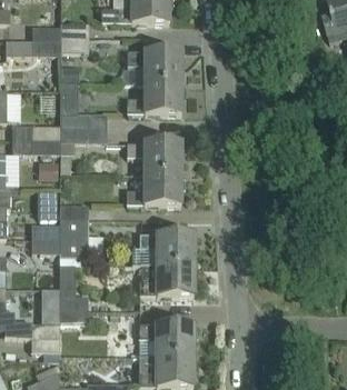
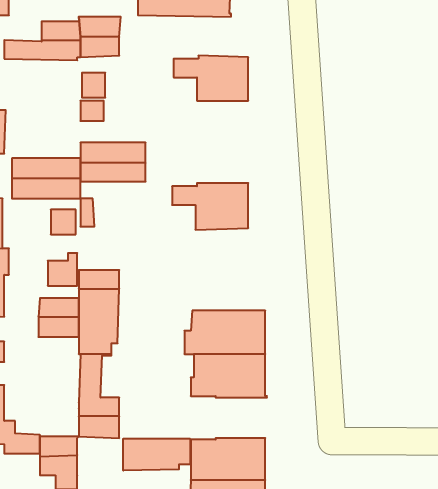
building: [126,83,180,113] -> none
building: [125,174,180,204] -> none
building: none -> [123,439,190,471]

